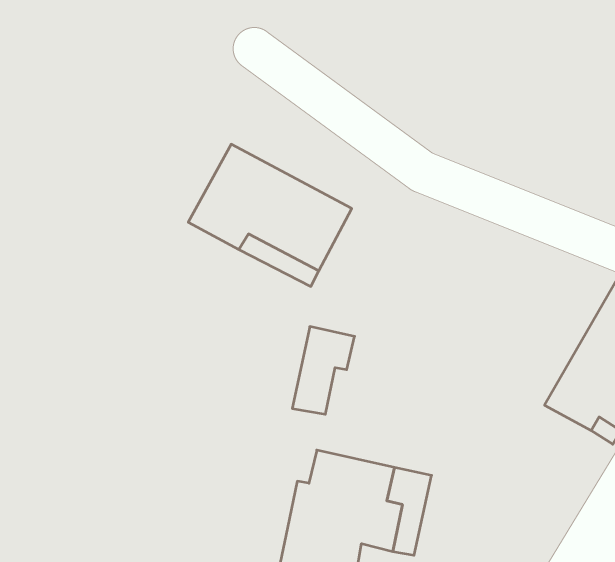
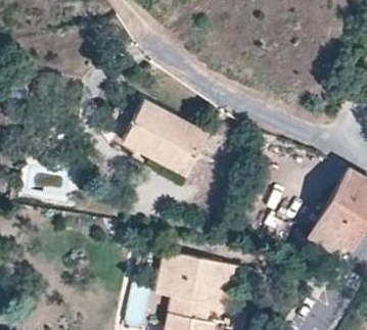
building: [292,327,355,414] -> [154,251,187,297]

